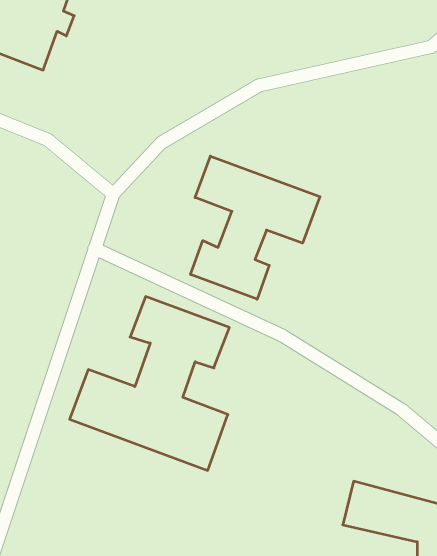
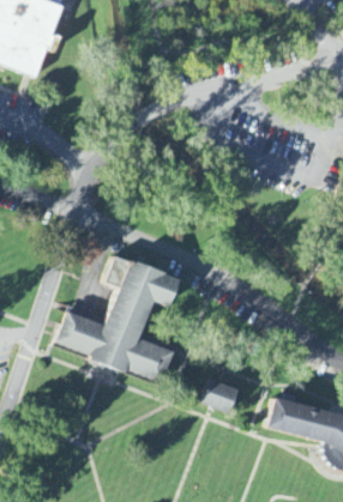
building: [191,156,320,299] -> none
building: none -> [200,376,241,412]

